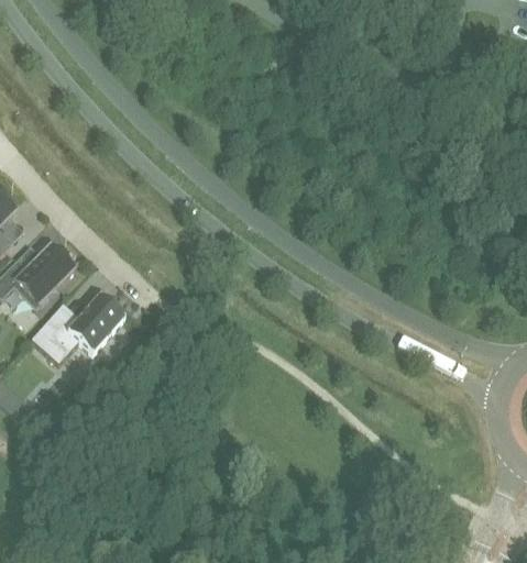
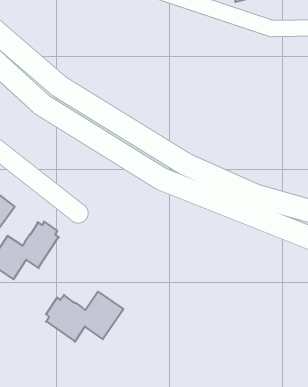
building: none -> [46,292,123,342]

